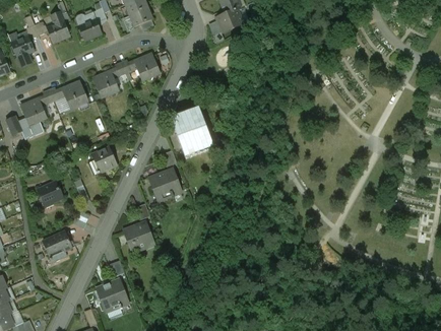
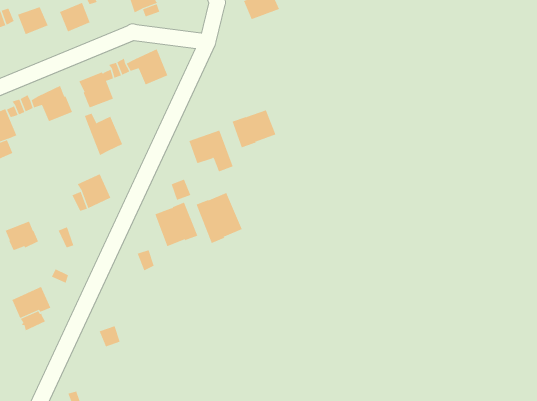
building: none -> [232,109,276,148]
building: none -> [84,113,123,156]
building: none -> [196,192,242,244]
building: [123,220,154,252] -> none
building: [97,278,128,312] -> none

